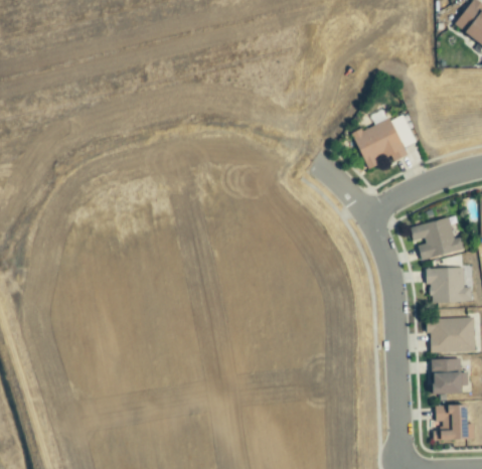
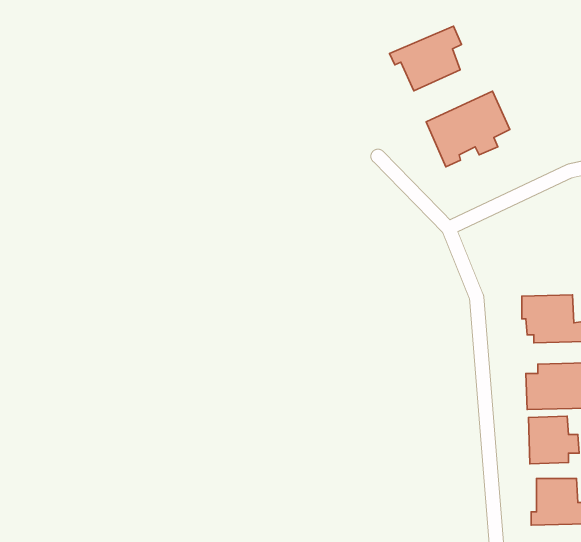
building: none -> [390,26,462,91]
building: [410,217,466,260] -> none

